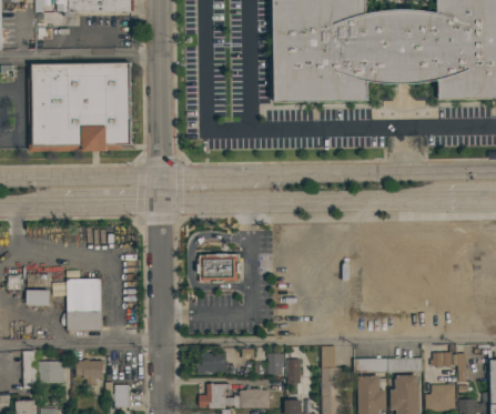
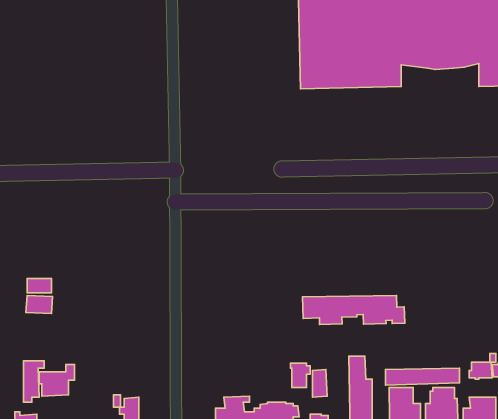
building: [28,62,133,151] -> none
building: [199,254,239,282] -> none
building: [65,280,101,331] -> none
building: none -> [302,295,405,324]
building: [198,353,227,372] -> none
building: [77,360,104,384] -> none

